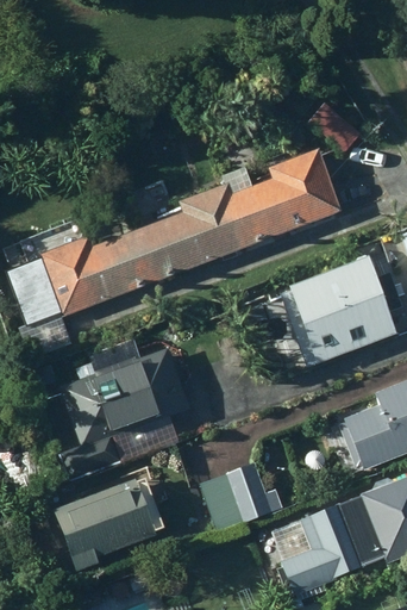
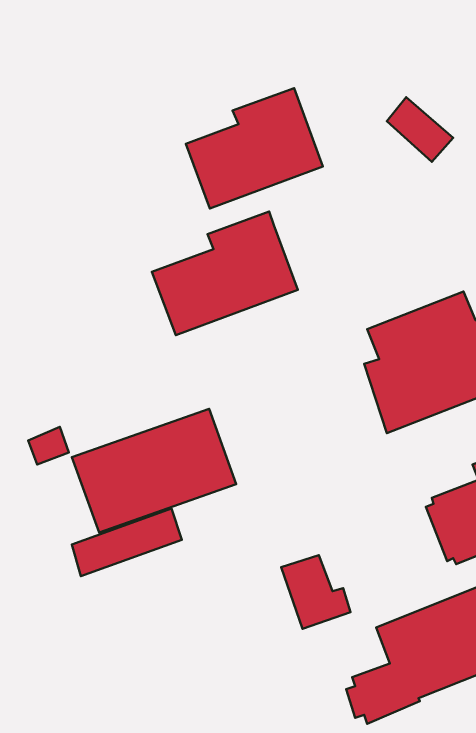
building: [218,156,326,251] -> [186,88,323,209]
building: [23,237,140,322] -> none
building: [48,473,157,569] -> none

